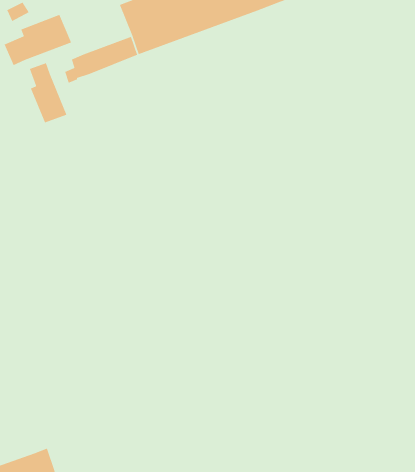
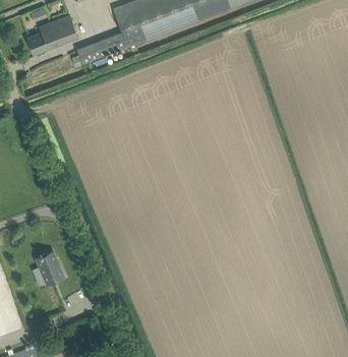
building: [29,62,67,123] -> none
building: none -> [36,252,63,284]

